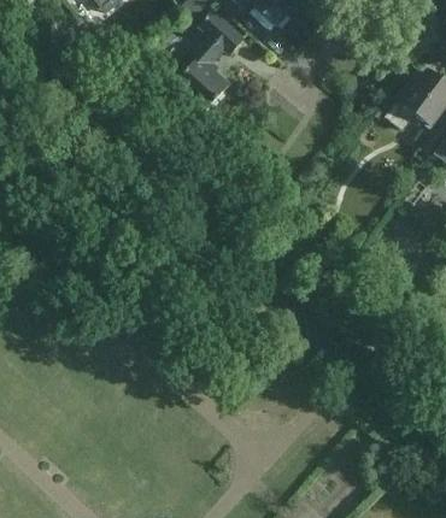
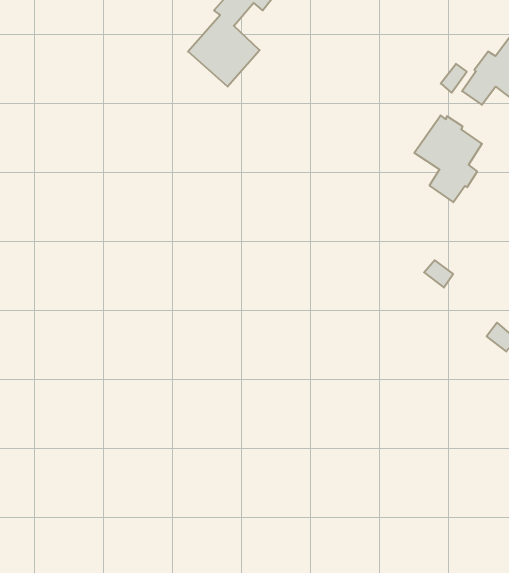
building: none -> [414,115,482,202]

